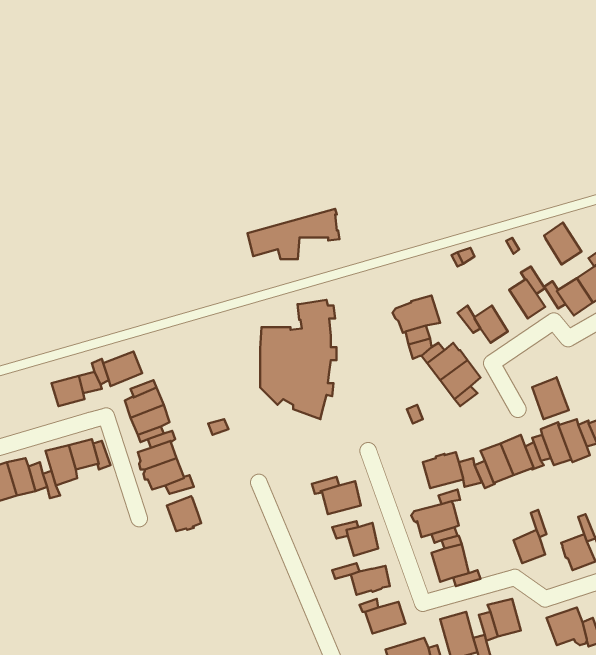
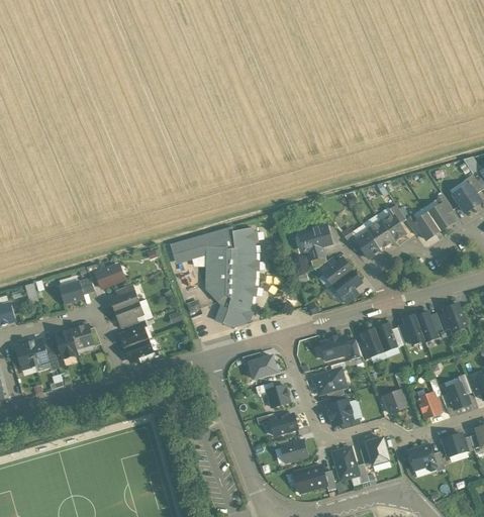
building: [248,209,340,259] -> [171,226,235,262]
building: [544,223,582,264] -> [368,220,394,249]
building: [532,377,569,419] -> none
building: none -> [215,297,254,327]
building: [167,496,201,531] -> none

